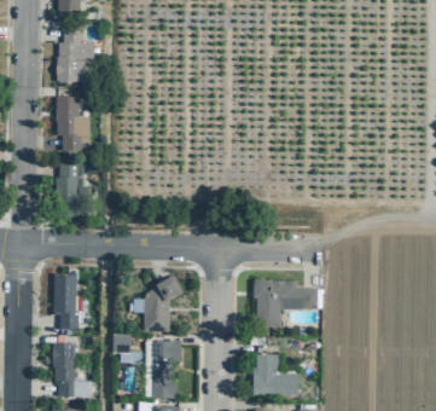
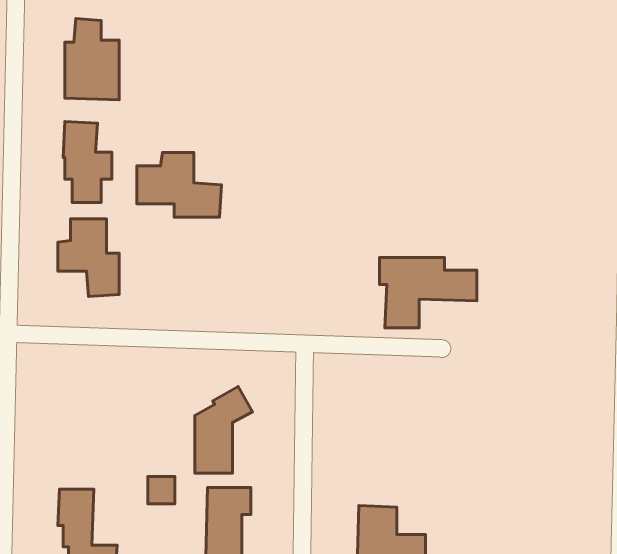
building: none -> [137,153,222,217]
building: [53,273,79,329] -> none
building: [252,279,318,326] -> [380,258,477,328]

